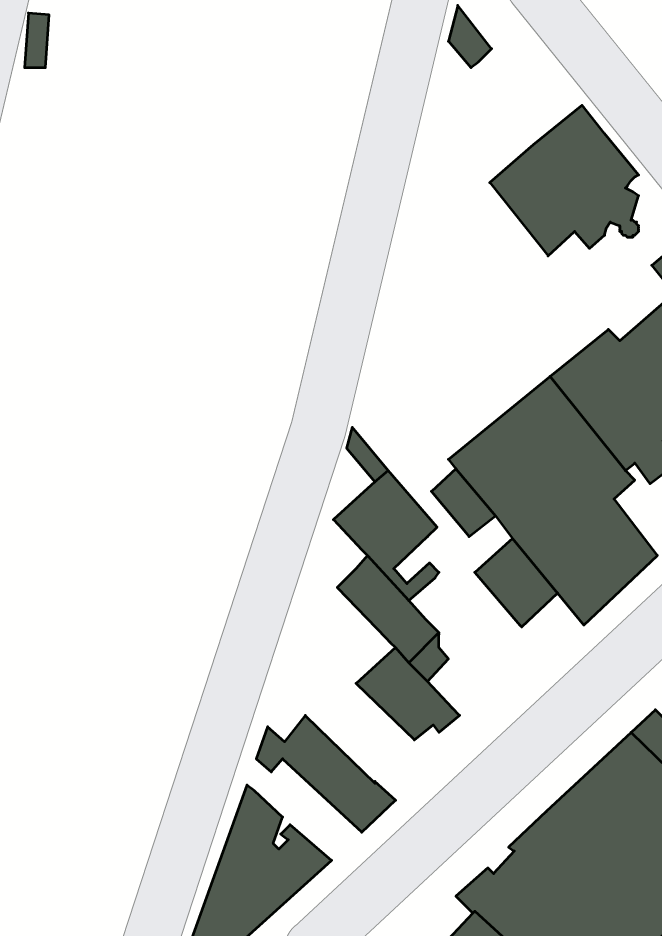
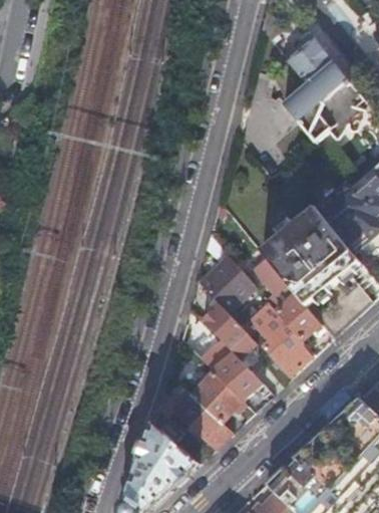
building: none -> [283,33,331,82]
building: none -> [239,300,310,375]
building: none -> [191,369,246,423]

